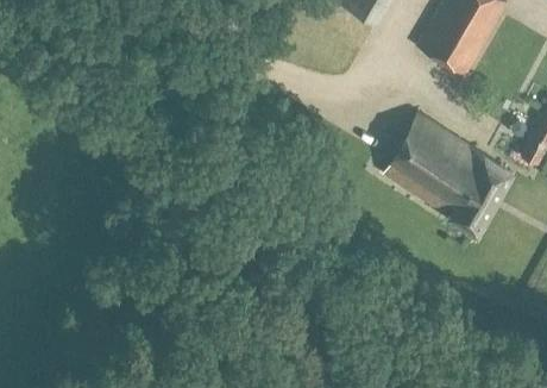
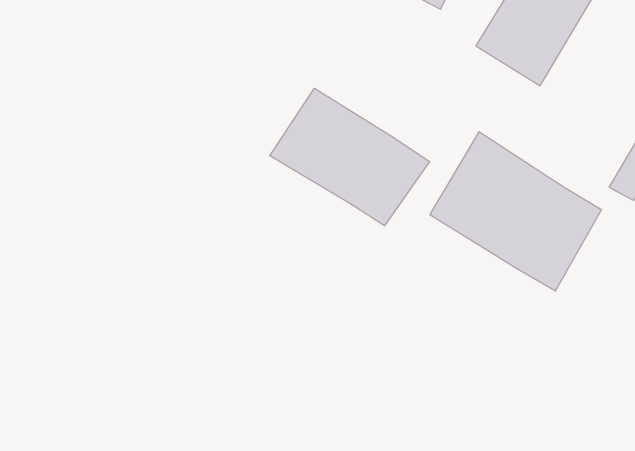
building: none -> [270,88,429,226]

